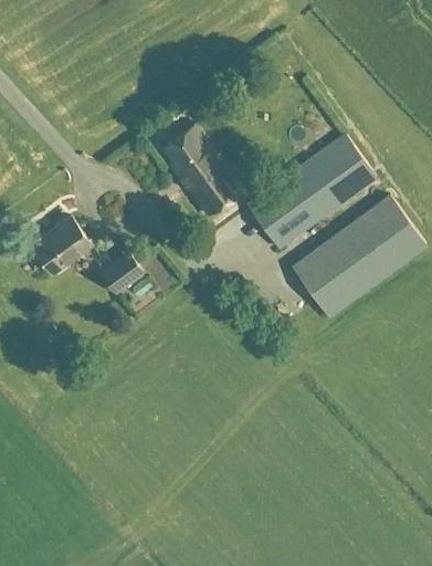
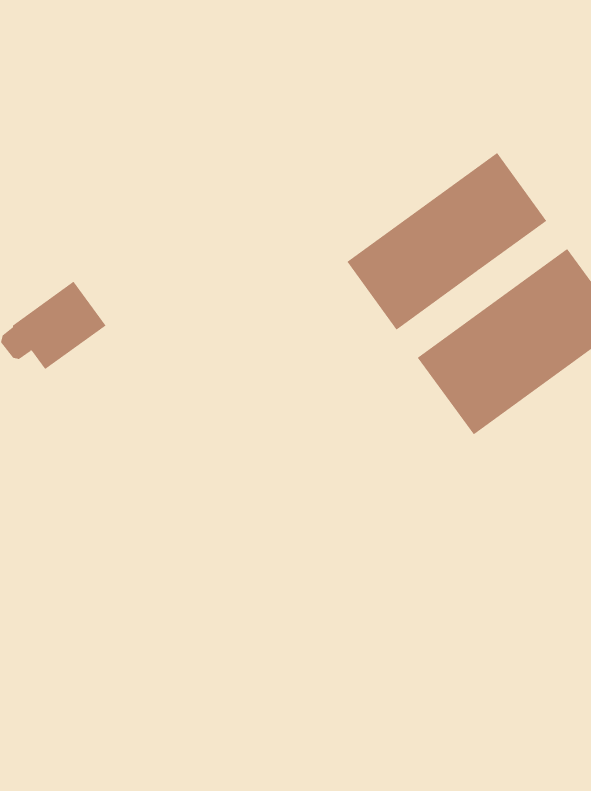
building: [164,124,243,214] -> none
building: [99,251,143,292] -> none

